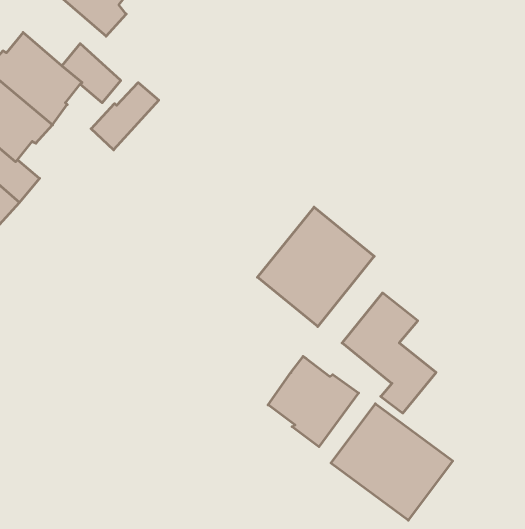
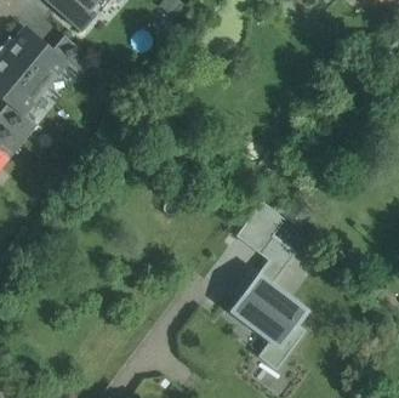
building: [91,83,159,150] -> none
building: [257,207,374,327] -> none
building: [268,356,359,447] -> none

